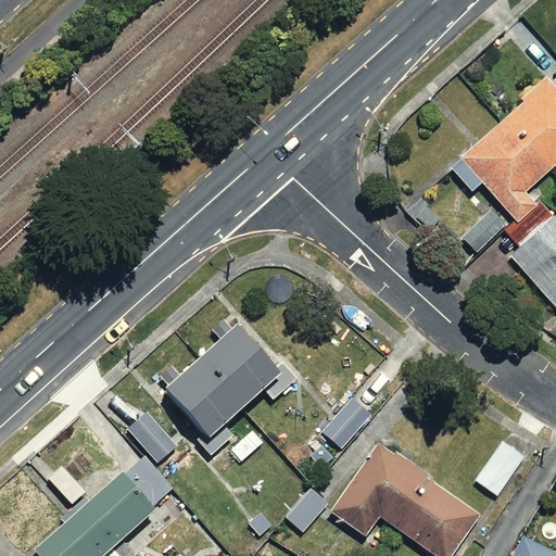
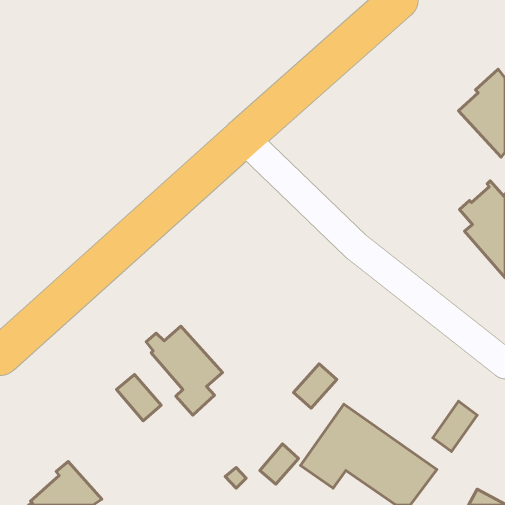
building: [452,122,551,223] -> none
building: [199,320,298,409] -> none
building: [75,456,174,548] -> none

